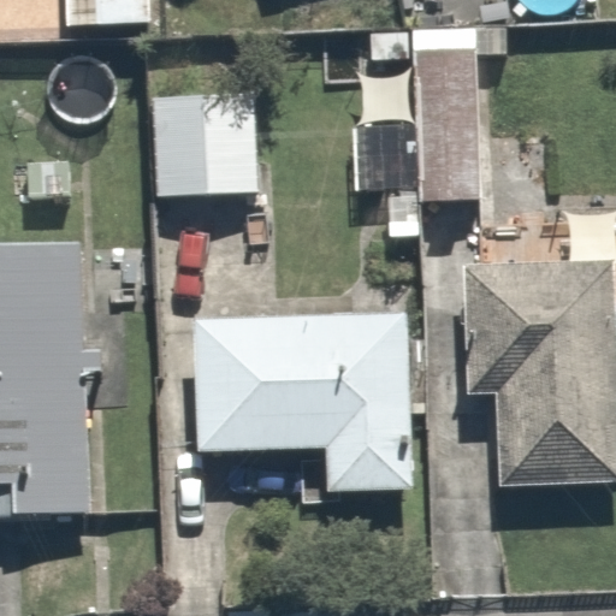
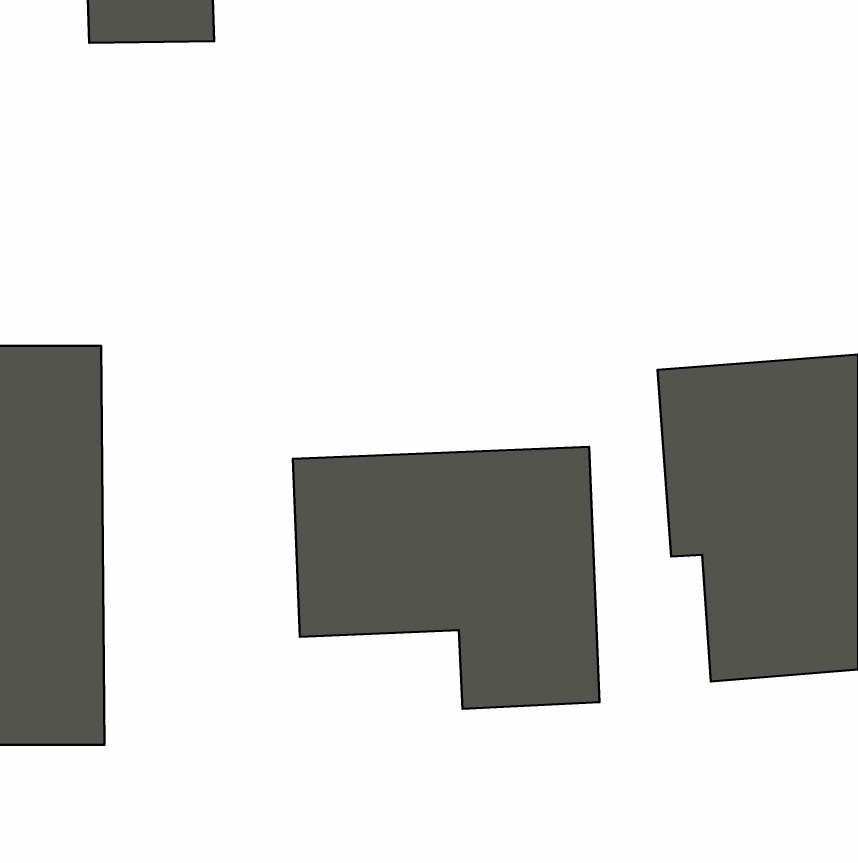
building: [346,18,480,197] -> none
building: [158,96,259,195] -> none

